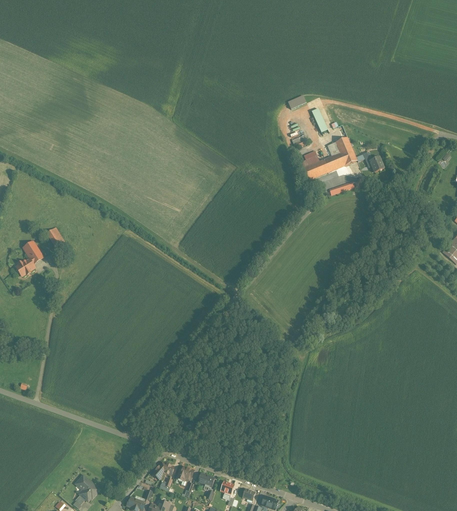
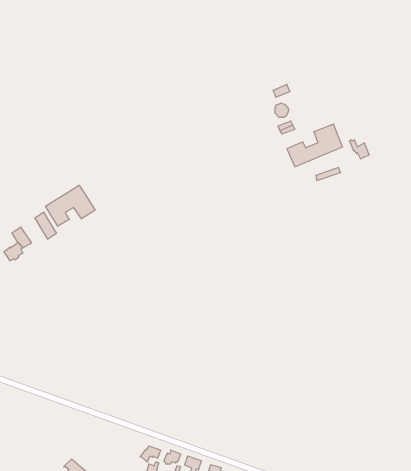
building: none -> [46,185,95,226]

